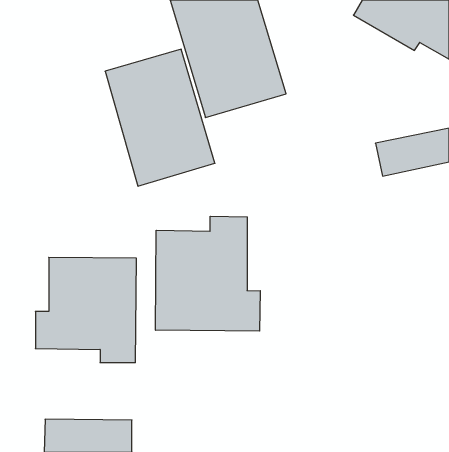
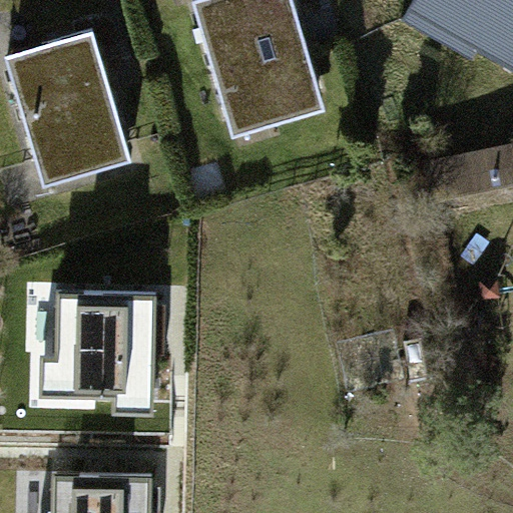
building: [105,49,215,186] -> [6,29,130,184]
building: [156,216,260,331] -> none

